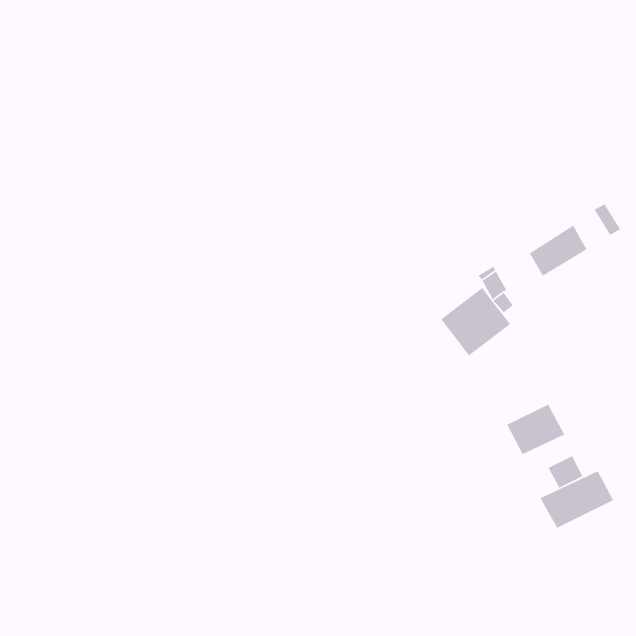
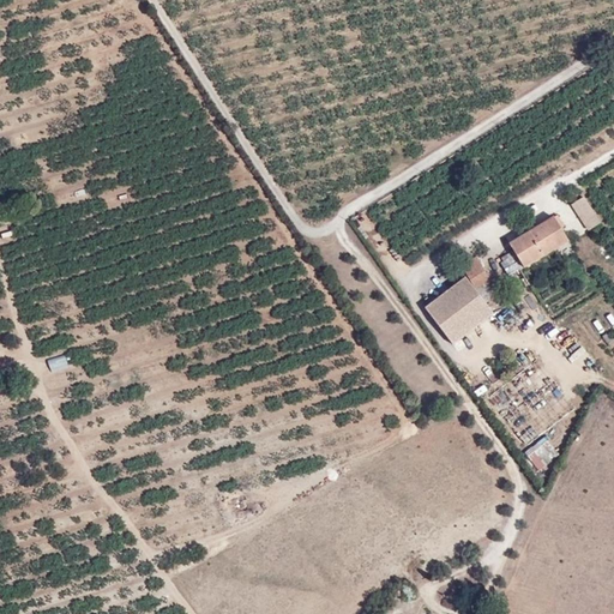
building: [506,404,565,455] -> none
building: [540,470,614,529] -> none

